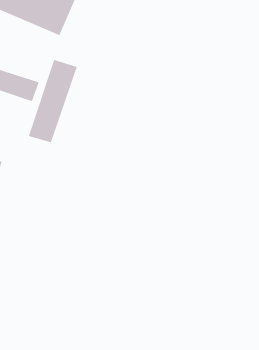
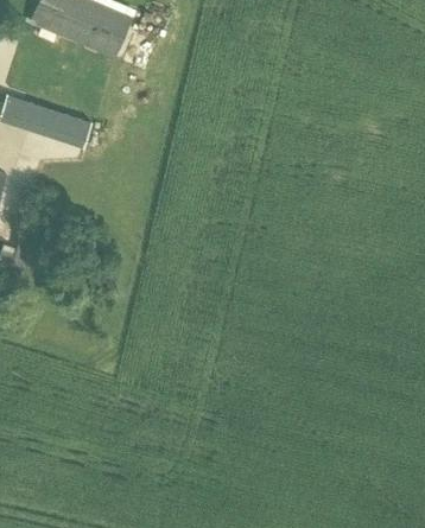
building: [28,59,78,143] -> none

